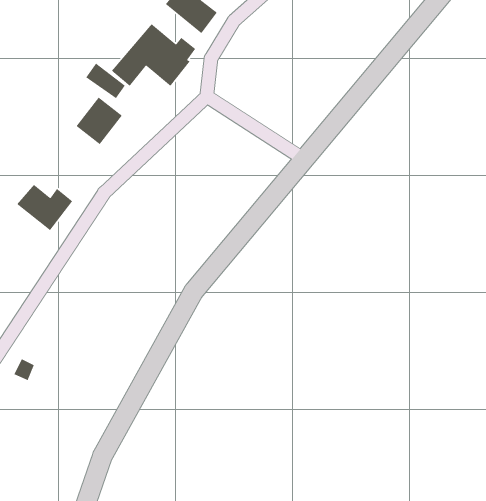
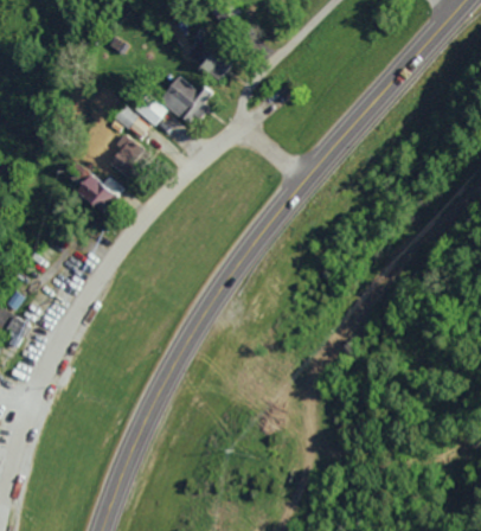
building: [16,184,73,231] -> [73,172,123,213]

